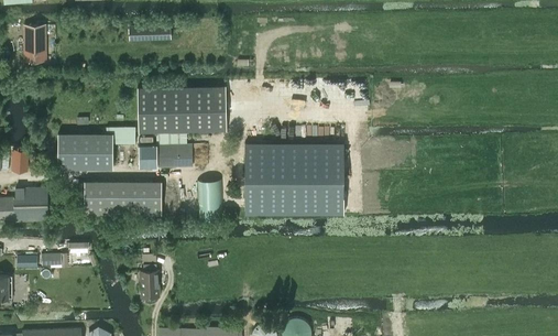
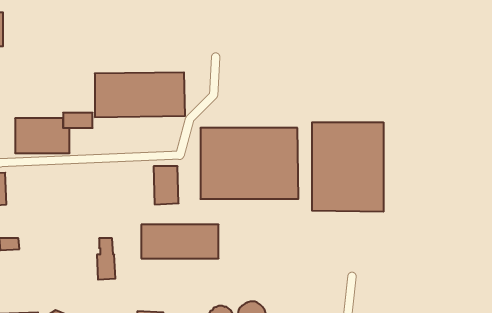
building: [139,132,193,166] -> none
building: none -> [312,122,383,212]
building: [84,181,162,215] -> [141,225,219,258]

